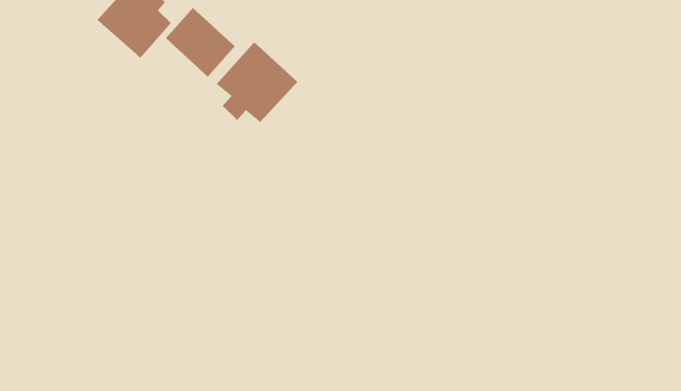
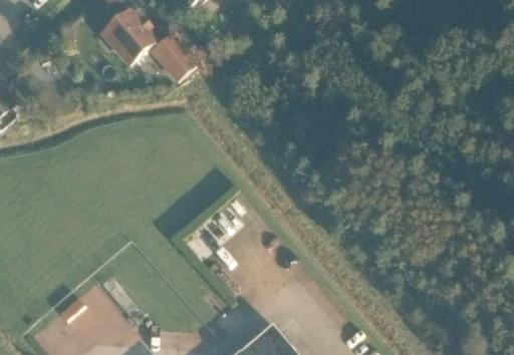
building: [216,41,298,123] -> none

